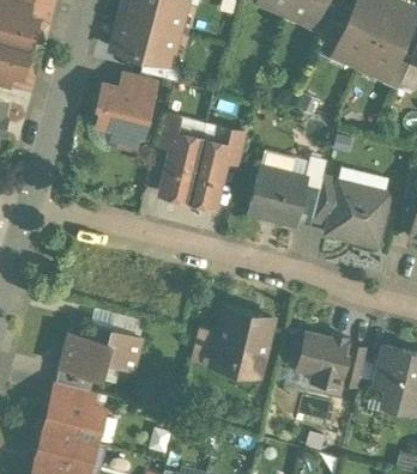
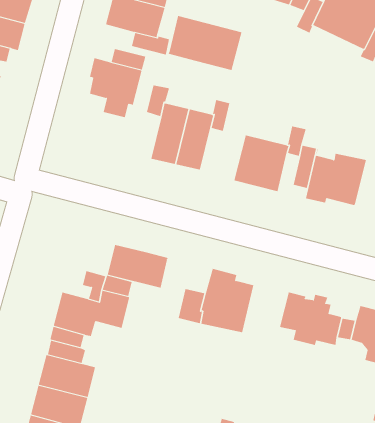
building: none -> [168,15,242,71]
building: none -> [107,244,169,289]

